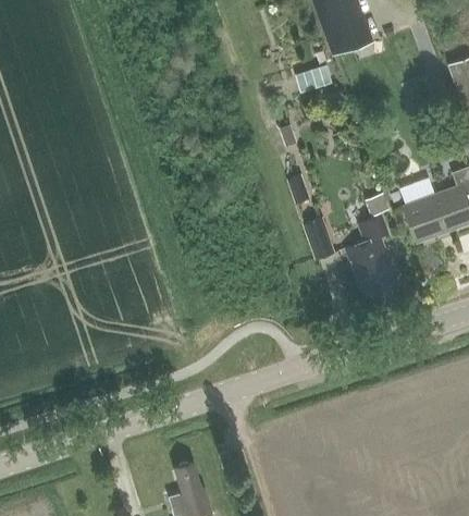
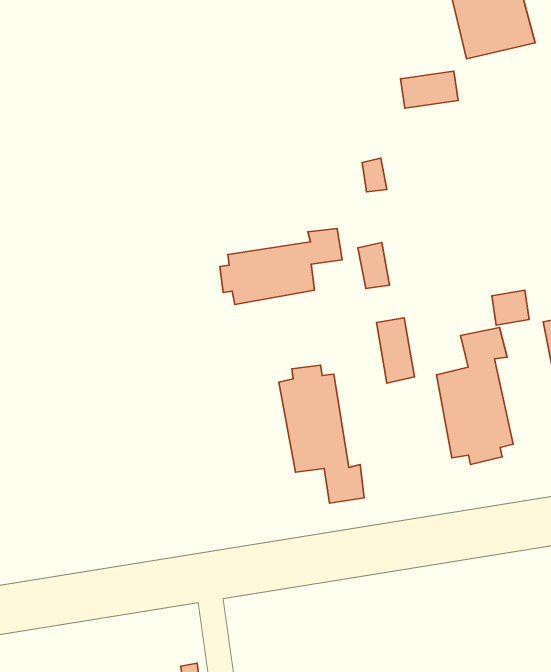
building: none -> [220,228,342,304]
building: none -> [279,365,364,503]

